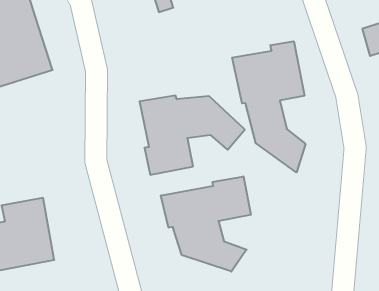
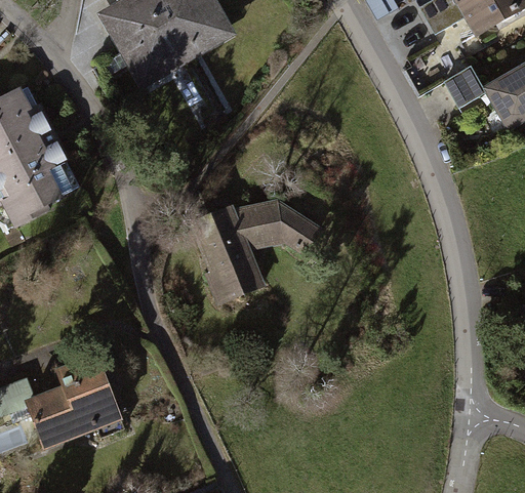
building: [232,41,305,172] -> none
building: [161,176,251,272] -> none

